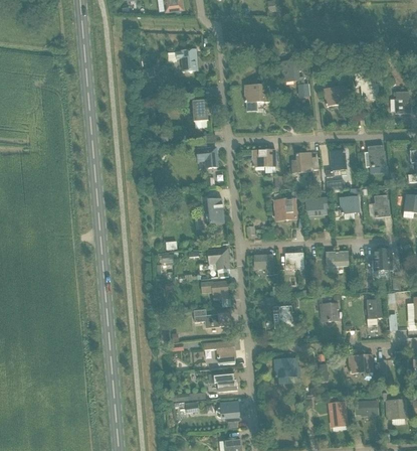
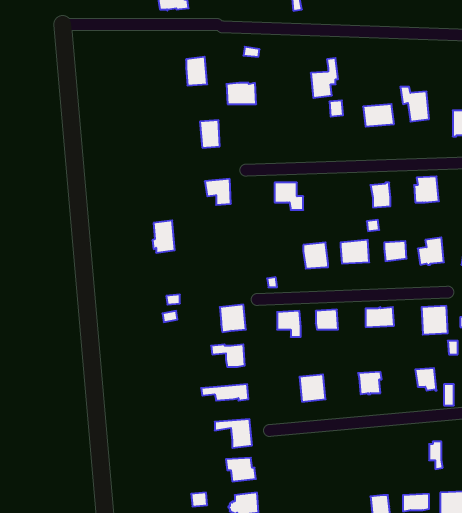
building: [244,85,268,102] -> [226,83,256,104]
building: [290,152,319,177] -> none
building: [206,198,224,224] -> [152,220,175,253]
building: [349,354,373,379] -> none
building: [274,358,300,377] -> none

